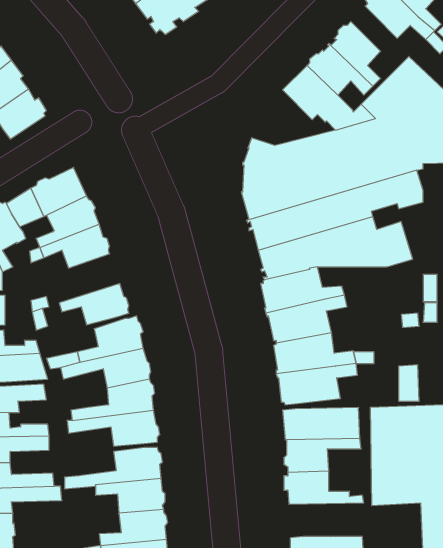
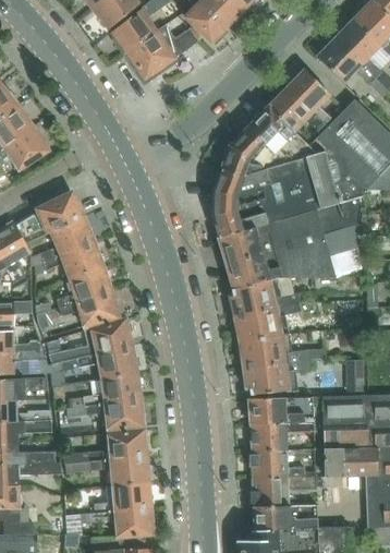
building: none -> [221,128,292,175]
building: none -> [56,266,110,308]
building: none -> [249,477,316,506]

